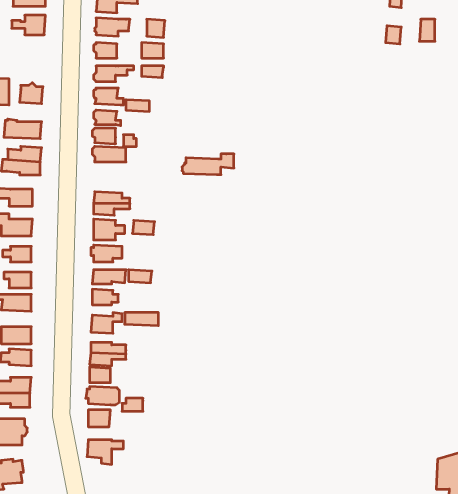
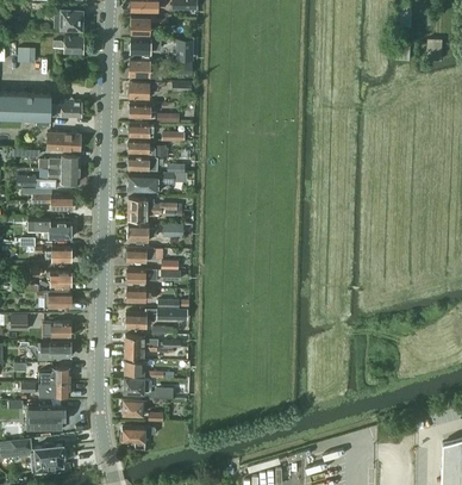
building: [182,154,234,175] -> [126,172,174,191]

